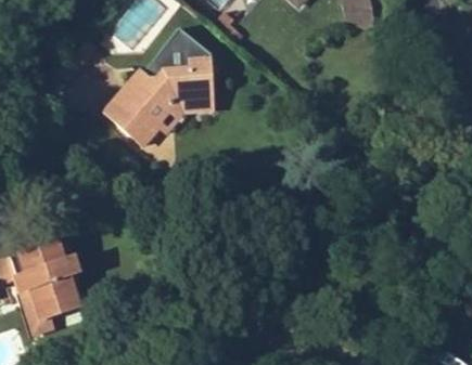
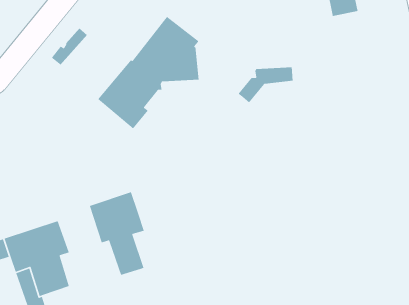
building: [155,95,213,133] -> [238,66,293,103]
building: none -> [89,191,145,276]

